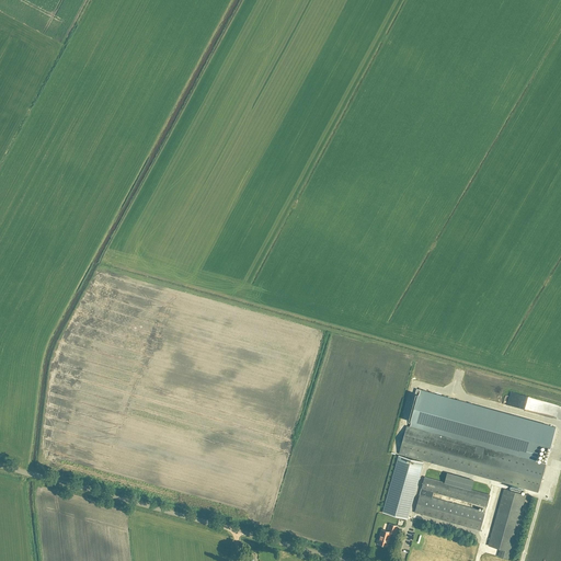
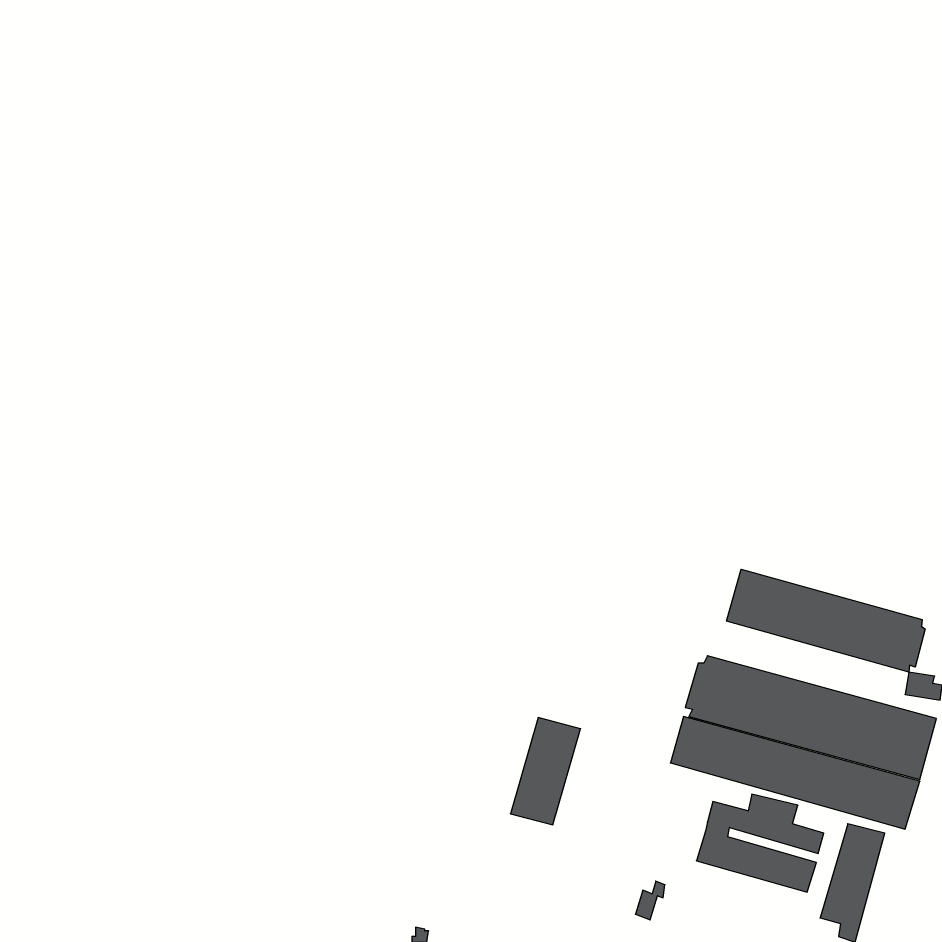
building: none -> [726,569,925,672]
building: [381,455,423,518] -> [510,718,581,825]

